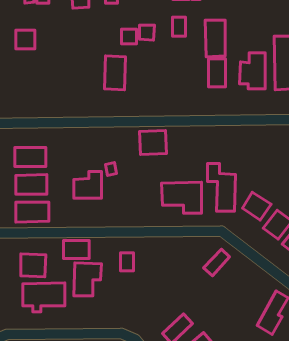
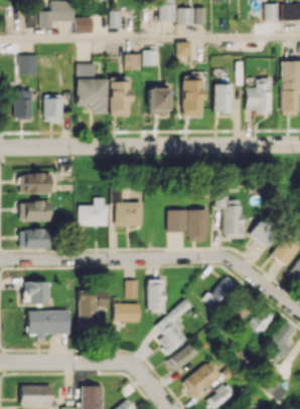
building: [205,20,225,57] -> [182,78,202,116]
building: none -> [78,63,108,114]
building: none -> [149,88,171,115]
building: none -> [14,90,33,120]
building: none -> [45,97,63,122]
building: [139,131,166,155] -> [116,202,143,226]
building: [63,241,89,258] -> [114,303,140,322]
building: none -> [147,279,164,313]
building: none -> [156,299,191,355]
building: none -> [242,306,274,340]

